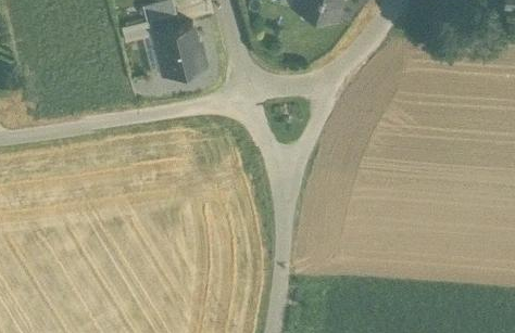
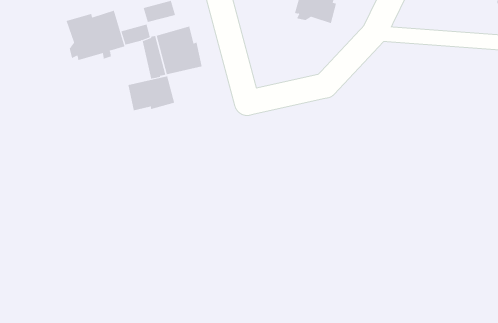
building: none -> [66,10,125,61]
building: none -> [128,76,175,111]

